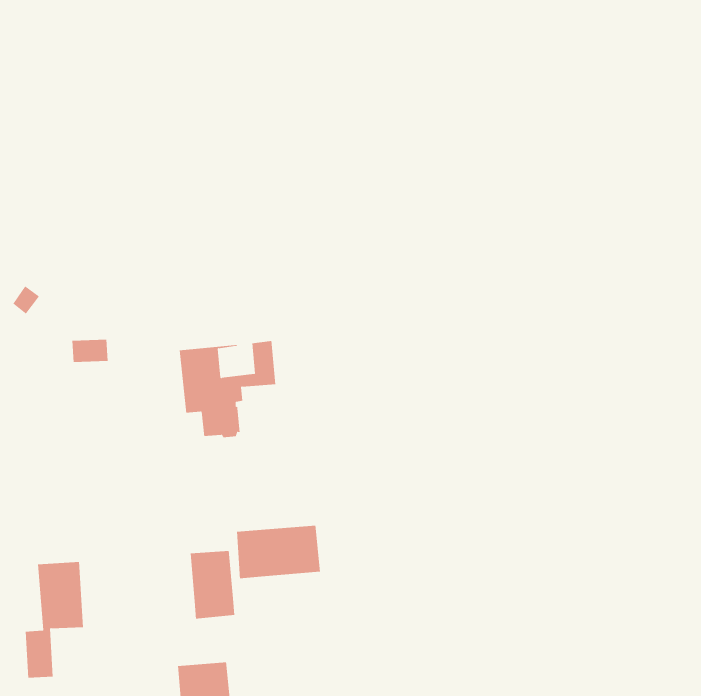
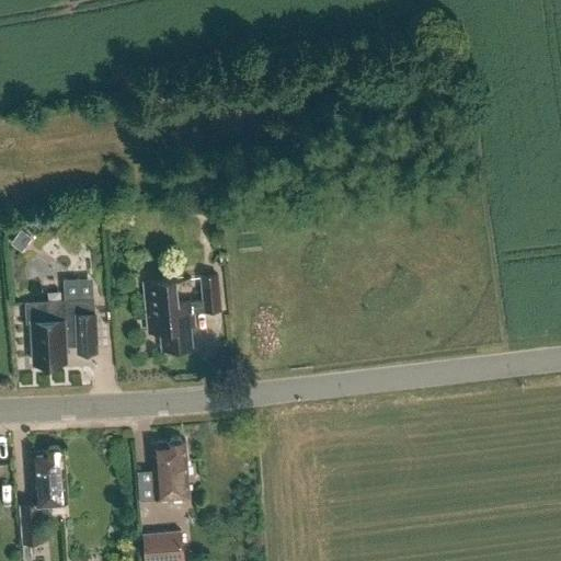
building: none -> [26,302,98,366]
building: [237,525,321,579] -> none

